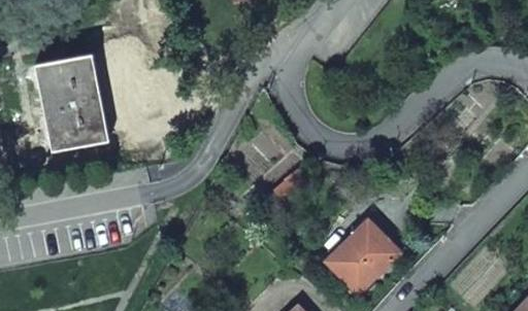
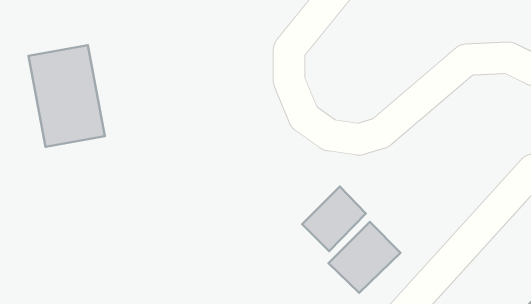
building: none -> [302,187,366,251]

